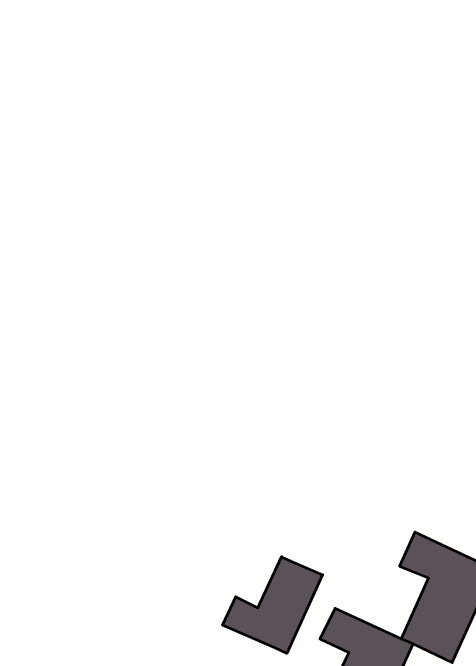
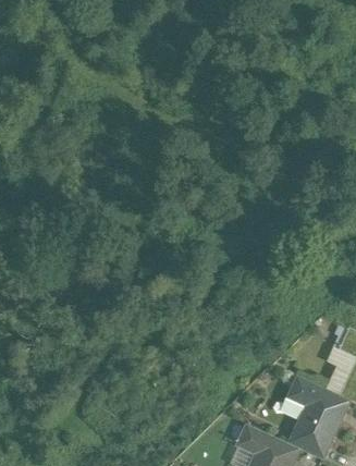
building: [223,557,323,653] -> none

